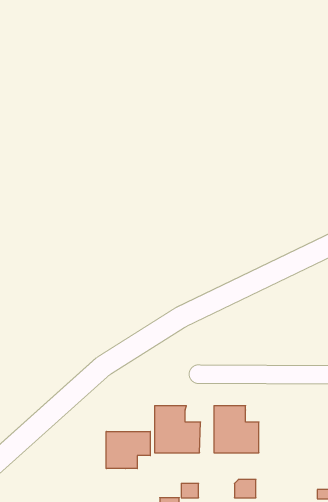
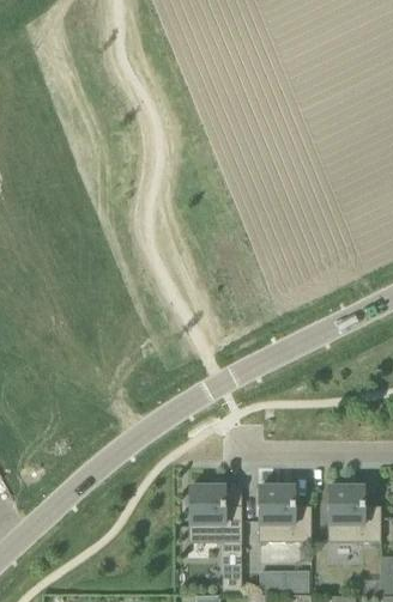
building: none -> [327,484,380,539]
building: [106,431,150,469] -> none

